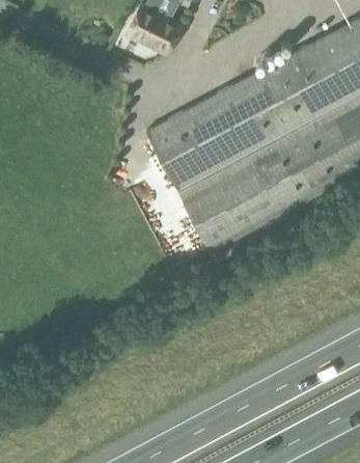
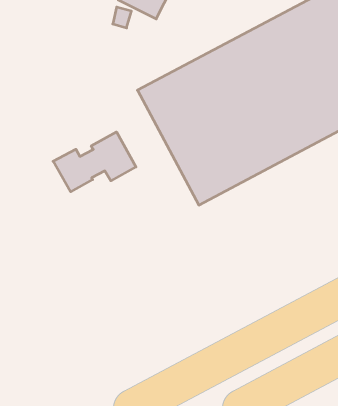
building: none -> [53,132,136,192]

